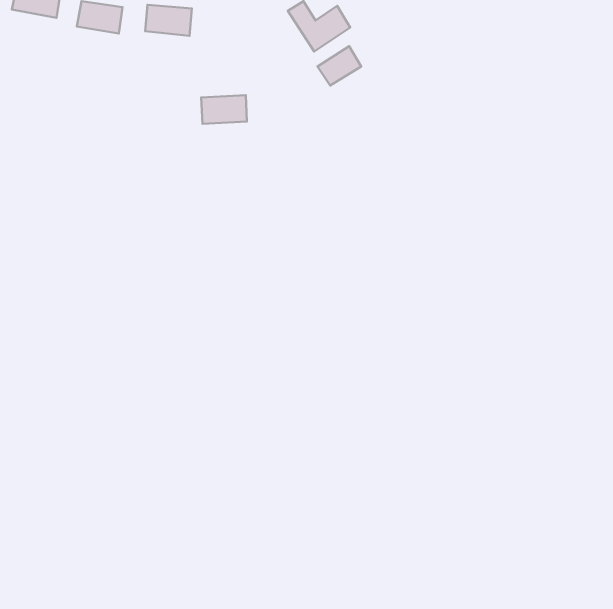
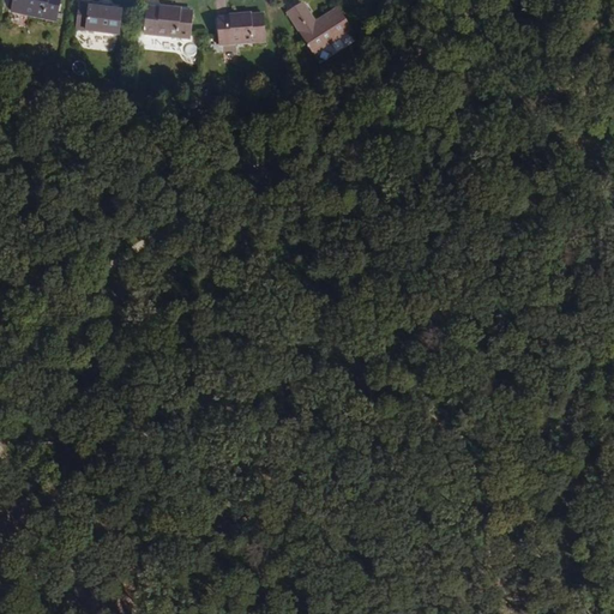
building: [318,46,361,86] -> none
building: [201,95,247,124] -> [217,14,263,43]

